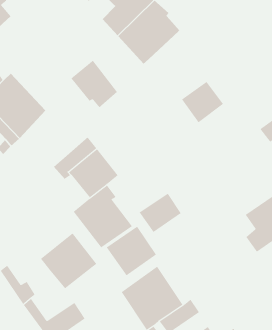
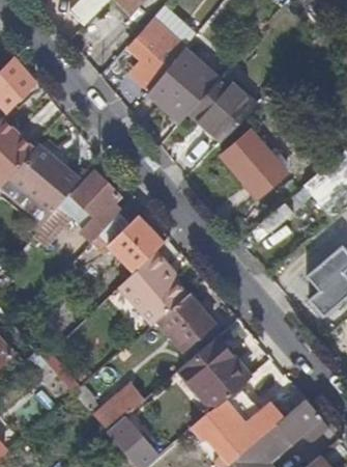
building: none -> [185,82,249,144]
building: [70,60,118,108] -> [74,173,126,225]
building: none -> [244,156,287,198]
building: [139,193,181,233] -> none
building: [40,233,97,289] -> none

